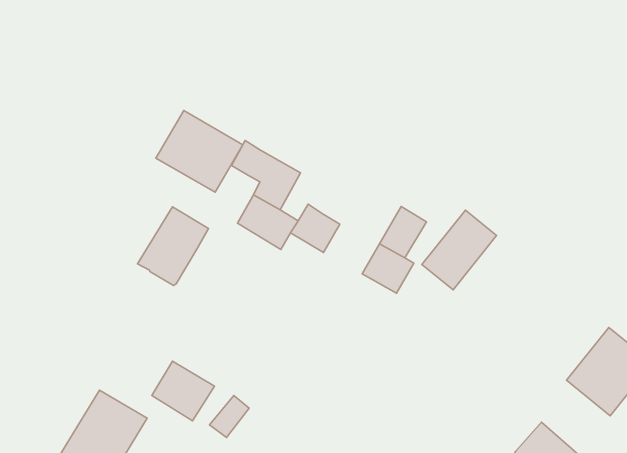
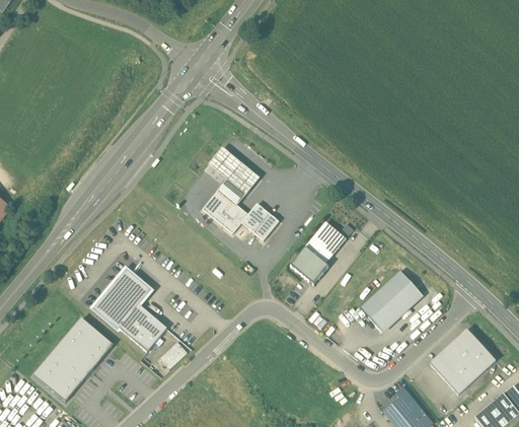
building: [156,111,243,192] -> none
building: [138,207,209,285] -> [93,270,150,329]
building: [422,210,497,290] -> [362,272,421,330]

